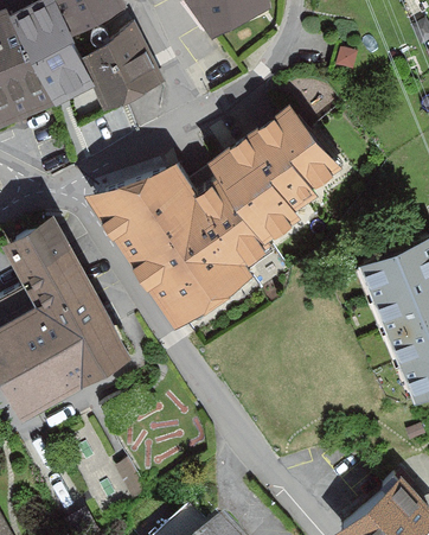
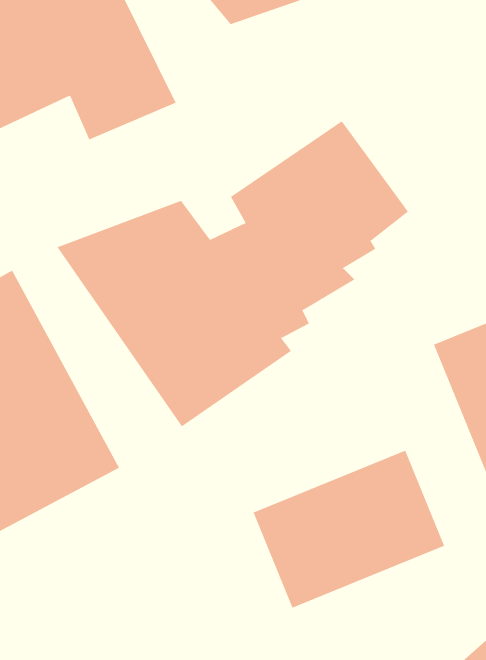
building: none -> [253,450,445,608]

